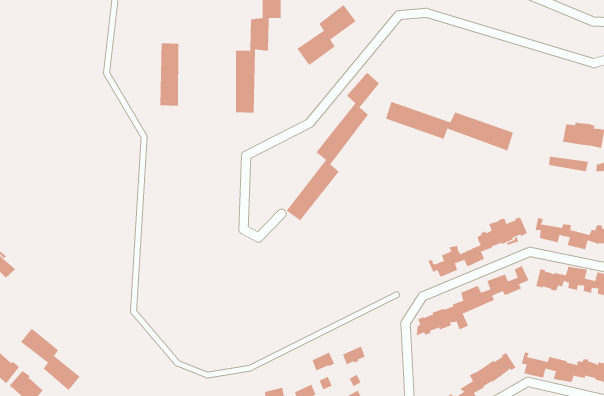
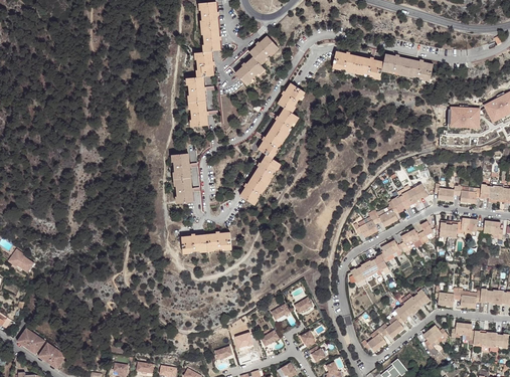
building: [160,43,179,106] -> [173,154,192,203]
building: [385,101,514,151] -> [333,53,434,82]
building: none -> [181,234,231,253]
building: [20,328,80,391] -> none

